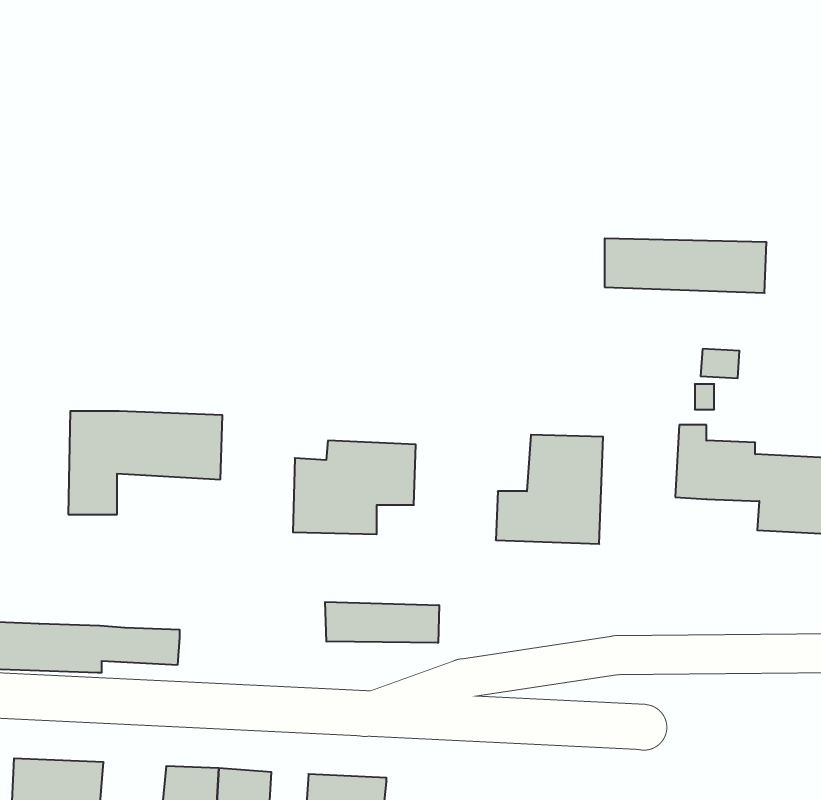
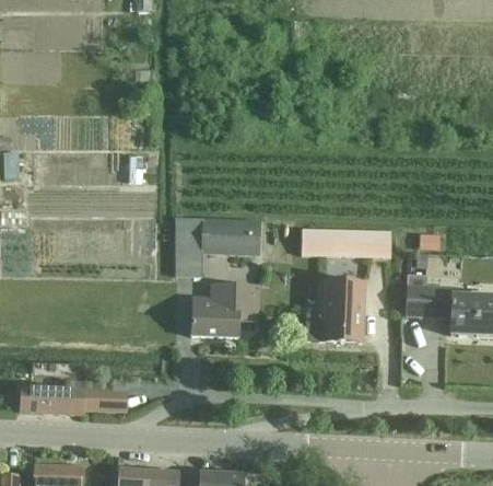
building: [605,238,767,293] -> [301,227,391,257]
building: [68,411,222,514] -> [174,217,260,275]
building: [325,602,439,643] -> none

